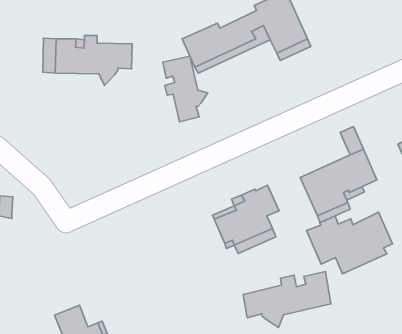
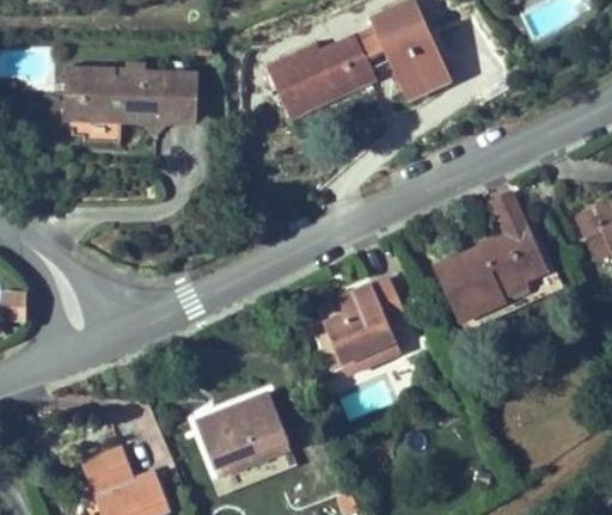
building: [163,56,208,122] -> none
building: [306,212,392,274] -> none
building: none -> [196,392,289,477]
building: [243,272,331,327] -> none

